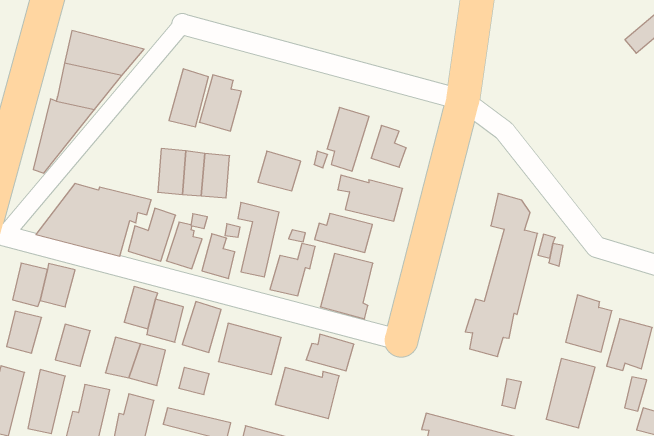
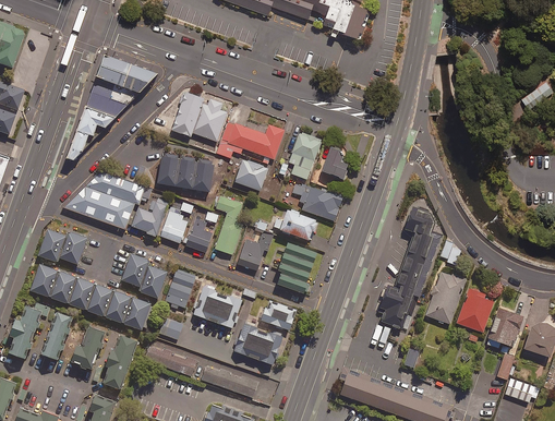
building: none -> [215,121,282,165]
building: none -> [50,270,77,303]
building: none -> [86,284,114,316]
building: [546,359,595,428] -> [424,270,464,324]

